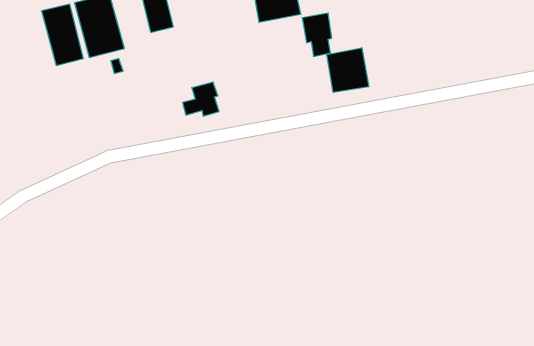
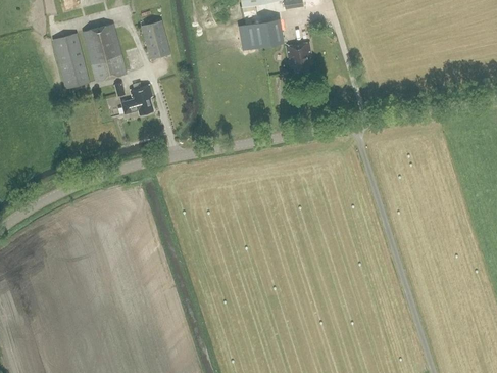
building: [327,48,369,92] -> none
building: [183,82,219,116] -> [120,85,153,115]

